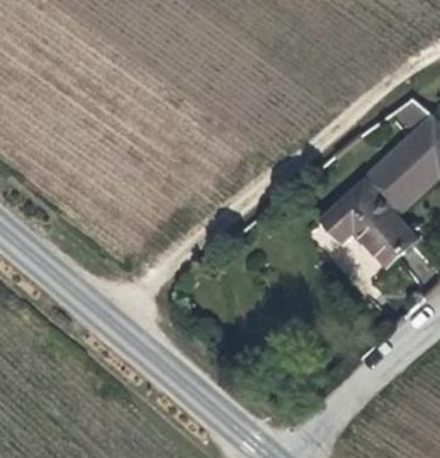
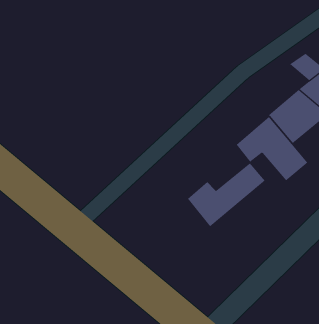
building: none -> [187,162,265,227]

